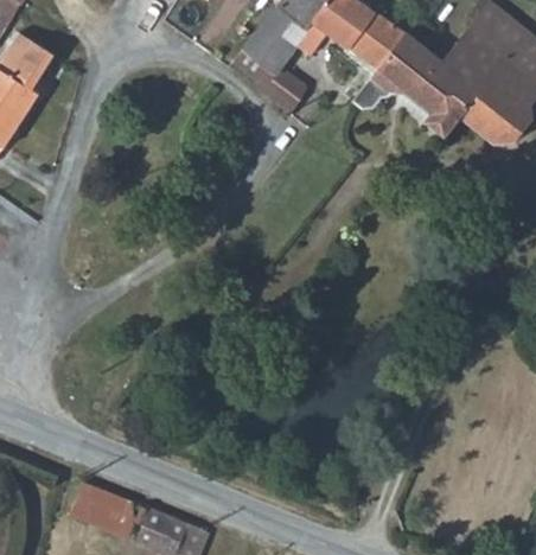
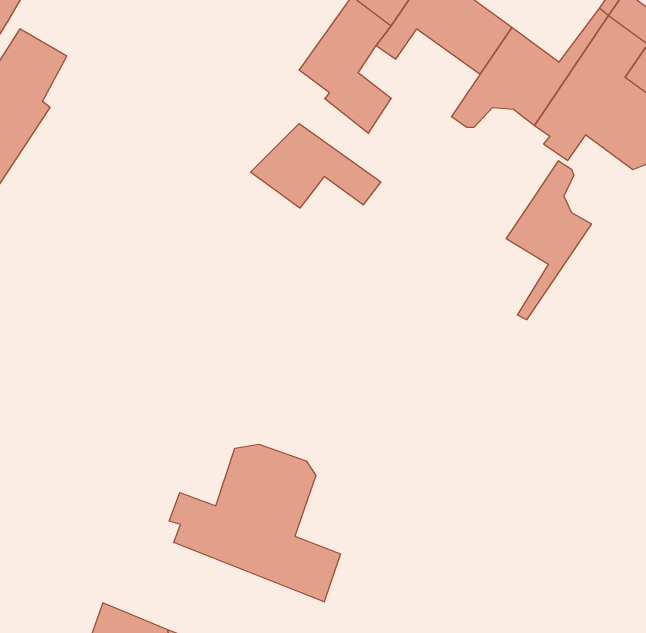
building: none -> [250,123,381,208]
building: none -> [506,161,591,320]
building: none -> [169,444,341,602]

